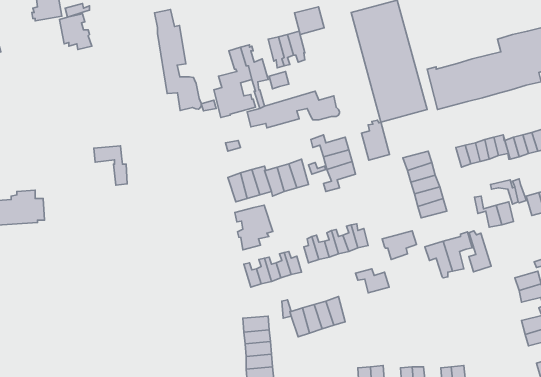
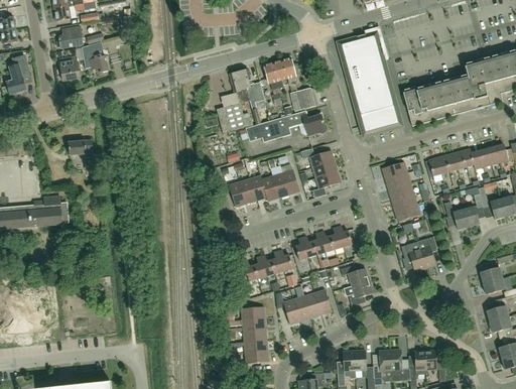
building: [294,7,324,35] -> [289,88,315,112]
building: [155,9,201,111] -> none
building: none -> [59,56,82,81]
building: [361,120,390,160] -> none
building: [94,146,127,185] -> [69,141,98,175]
building: [235,205,273,250] -> none
building: [469,231,491,272] -> none
building: [382,231,417,260] -> [344,281,374,306]

